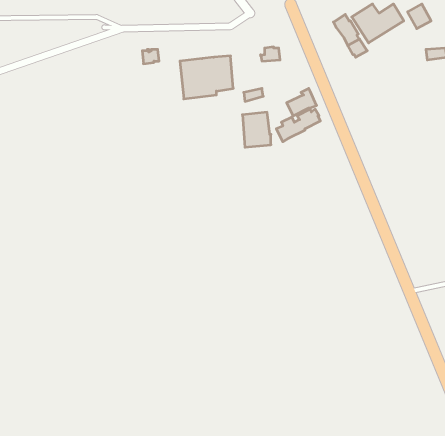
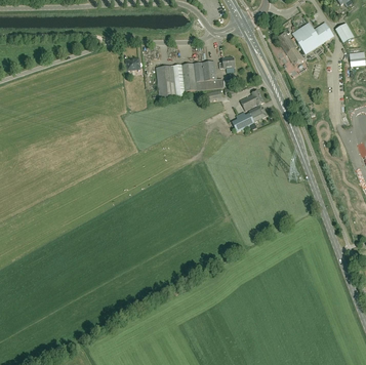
building: [242,112,271,147] -> [196,62,218,89]

